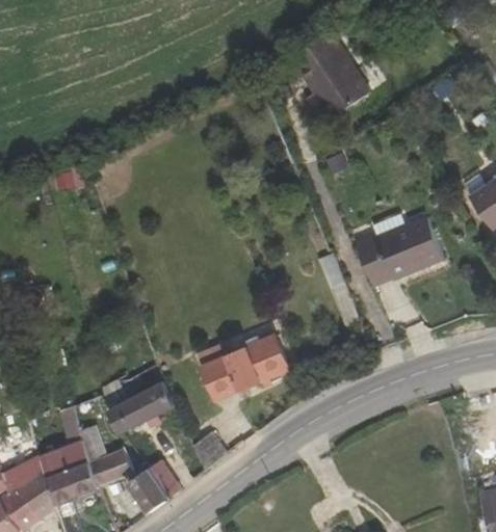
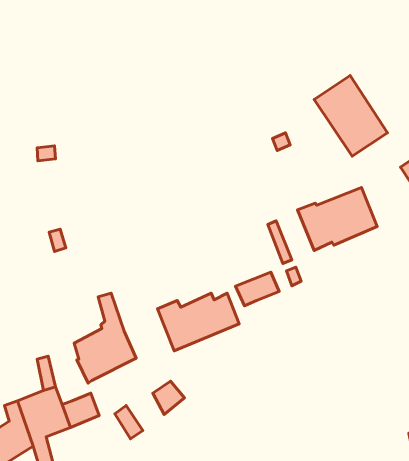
building: [290,29,372,119] -> [314,75,387,156]
building: none -> [235,272,279,306]
building: [130,469,167,512] -> none

